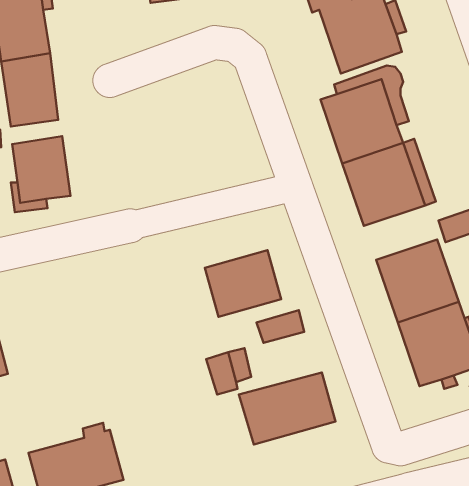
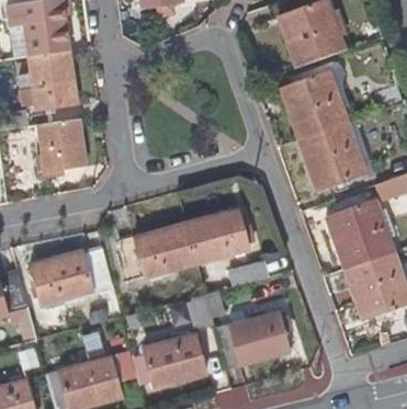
building: none -> [121,224,199,282]
building: none -> [32,250,113,306]
building: none -> [144,331,207,386]

